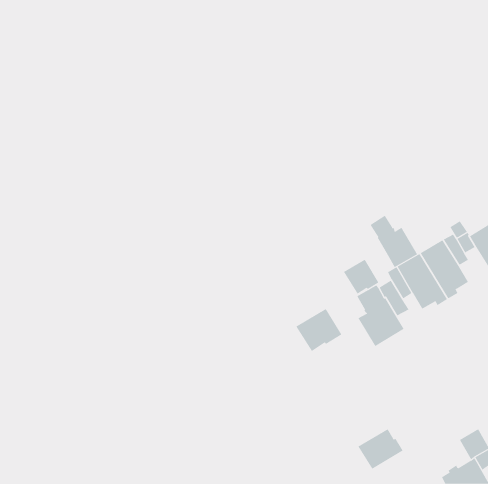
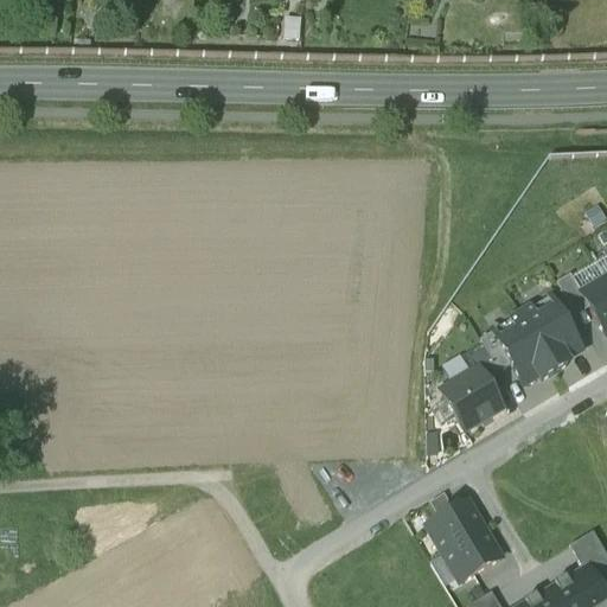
building: [370,215,418,268] -> none
building: [343,259,379,295] -> none
building: [296,308,342,352] -> none
building: none -> [428,500,483,552]

